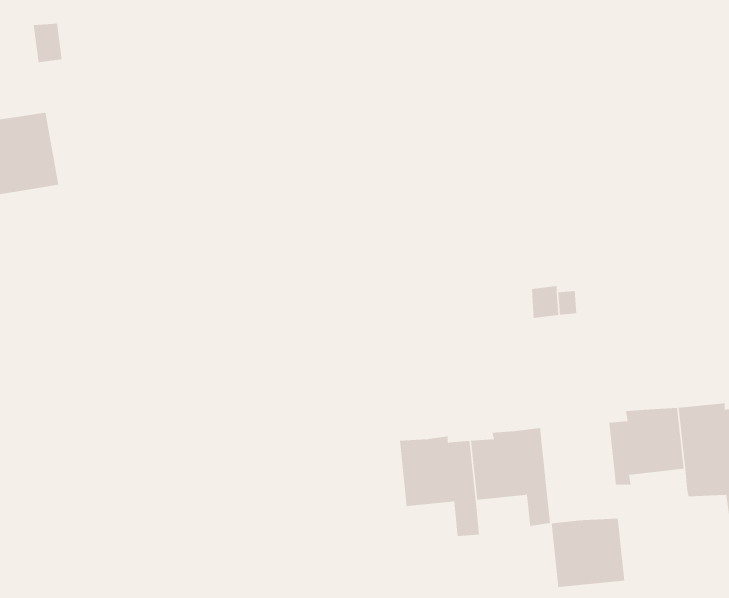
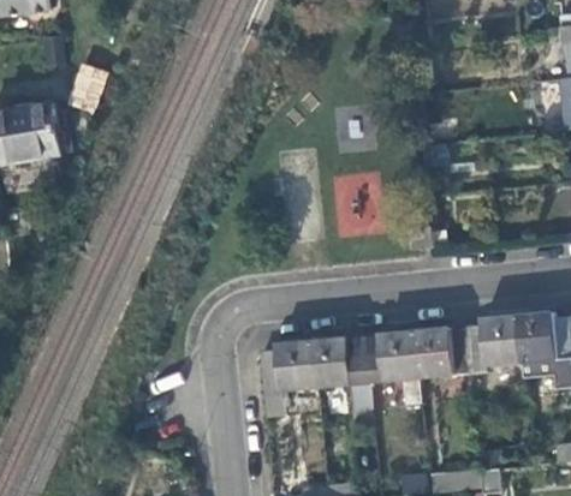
building: none -> [70,62,106,110]
building: none -> [263,340,319,416]
building: [551,518,625,588] -> [417,327,471,377]

